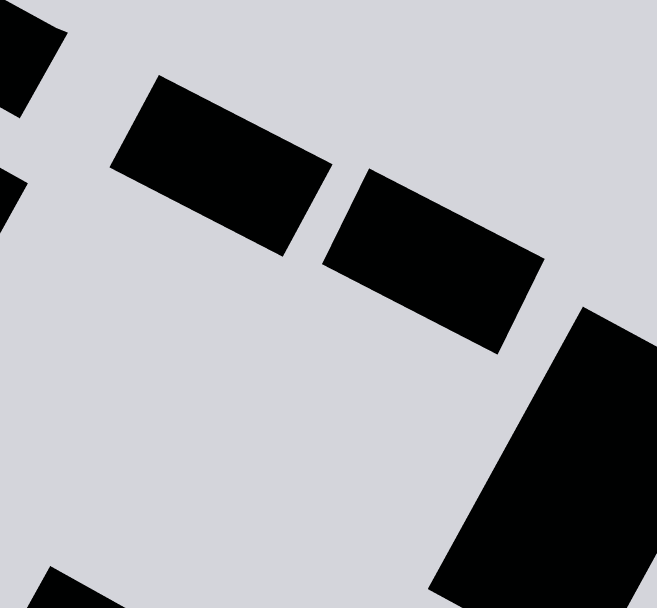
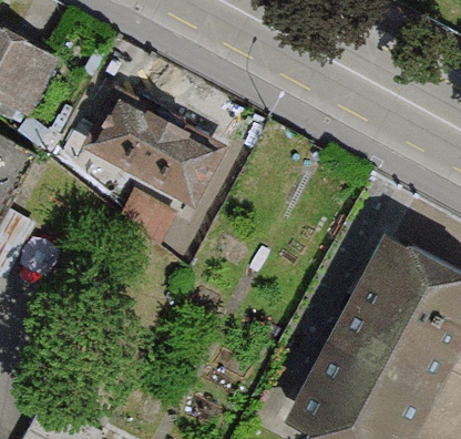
building: [321,168,546,355] -> none

